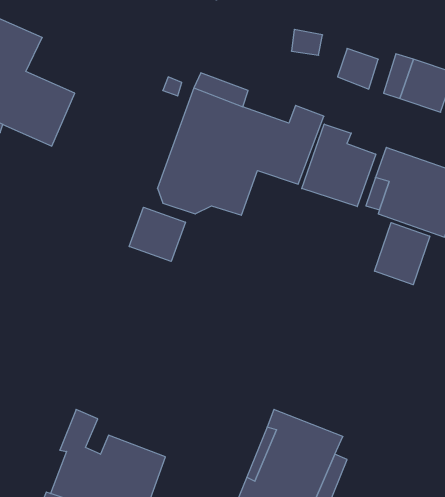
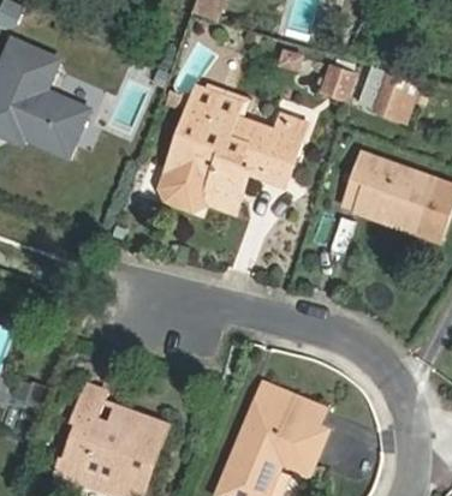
building: [302,124,376,207] -> none
building: [129,207,185,261] -> none
building: [375,223,430,285] -> none

